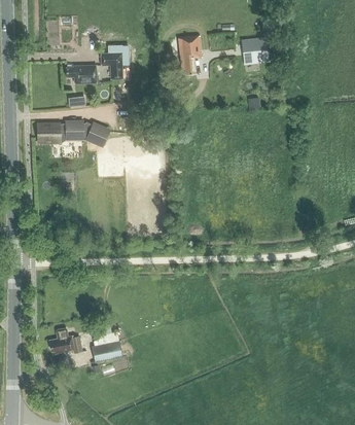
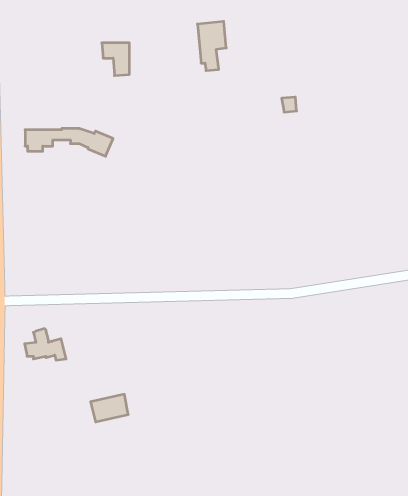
building: [242,36,269,67] -> none
building: [66,65,96,83] -> none
building: [48,327,82,353] -> [25,329,66,360]

